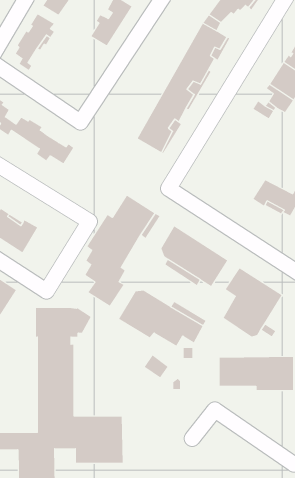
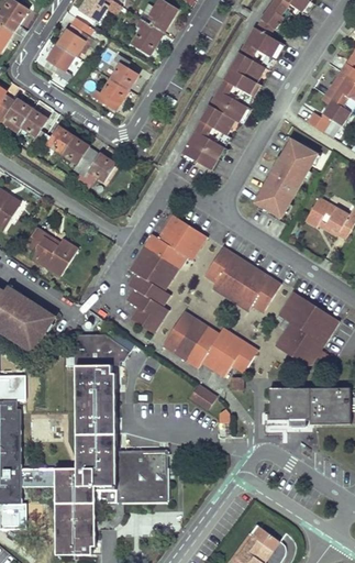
building: none -> [92,55,134,109]
building: none -> [254,139,317,218]

